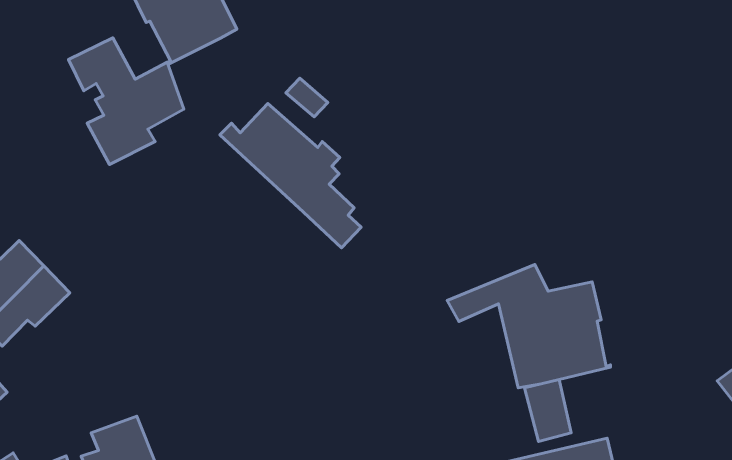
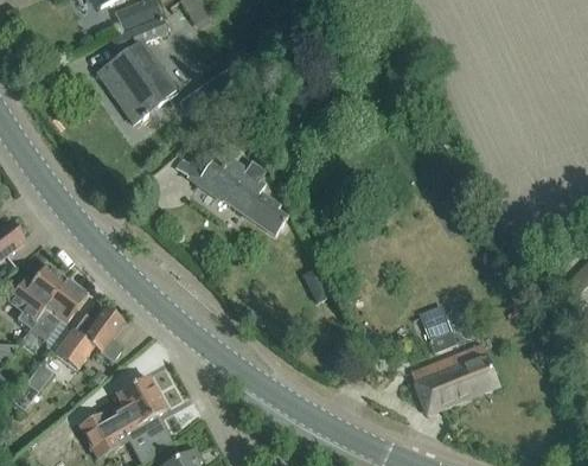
building: [68,38,184,164] -> none
building: [447,265,611,388] -> none
building: none -> [55,306,123,369]

